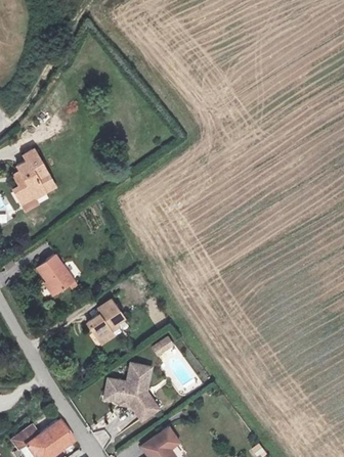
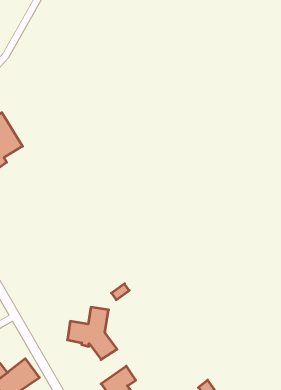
building: [37,255,74,294] -> none
building: [88,301,122,342] -> none

